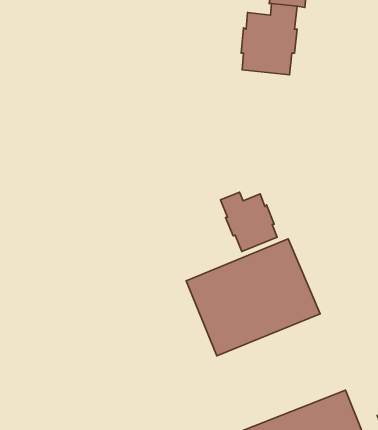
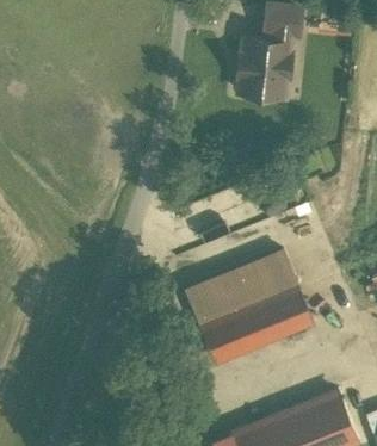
building: [220,192,277,252] -> none

